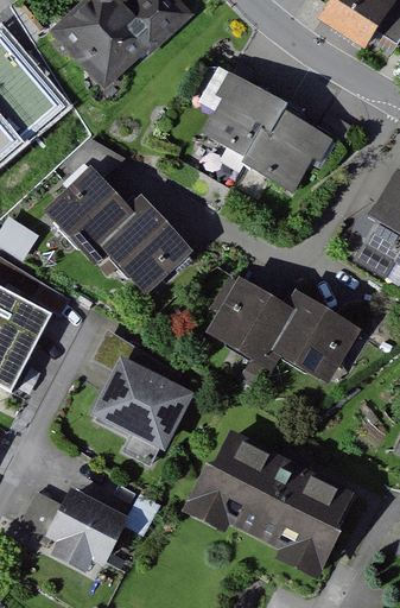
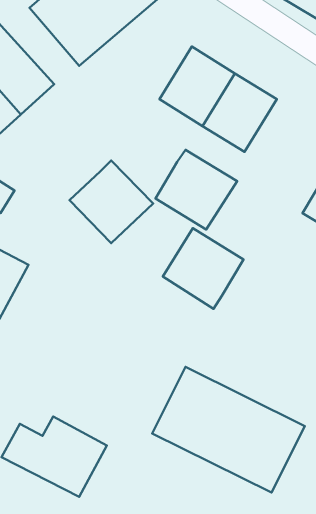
building: [38,163,131,255] -> none
building: [265,296,355,384] -> [156,150,237,230]
building: [97,353,199,454] -> none

